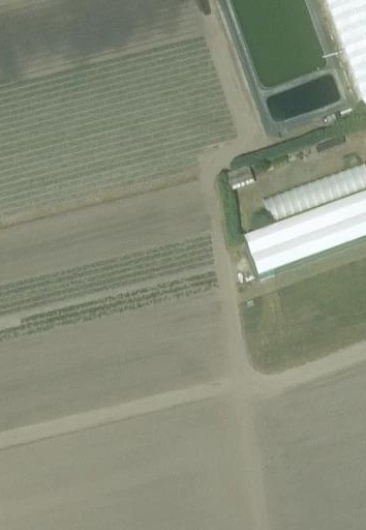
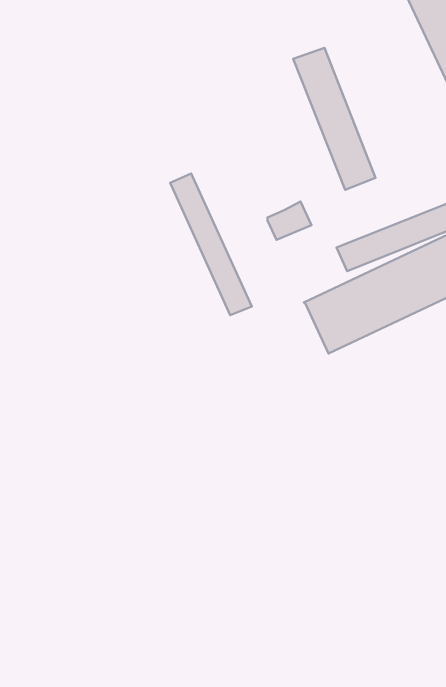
building: none -> [293,48,375,190]
building: none -> [170,173,252,315]

